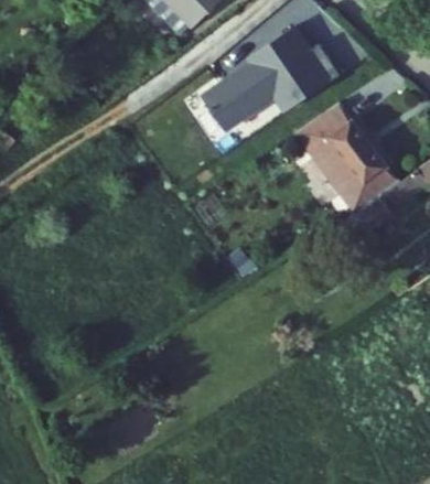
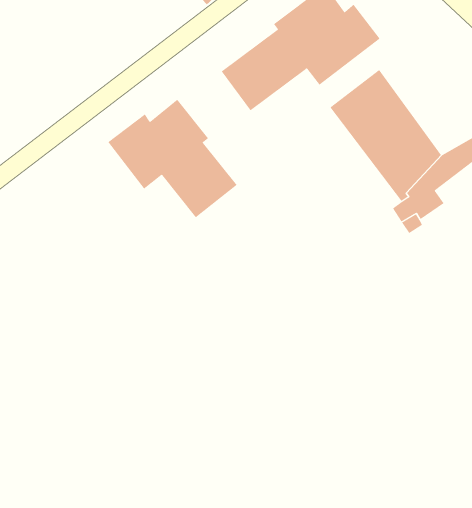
building: none -> [108,99,237,218]

